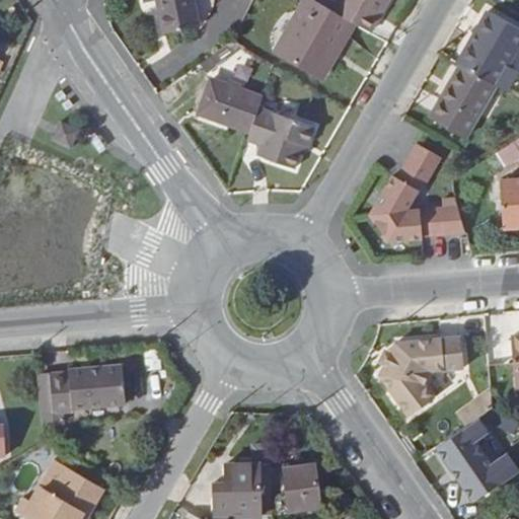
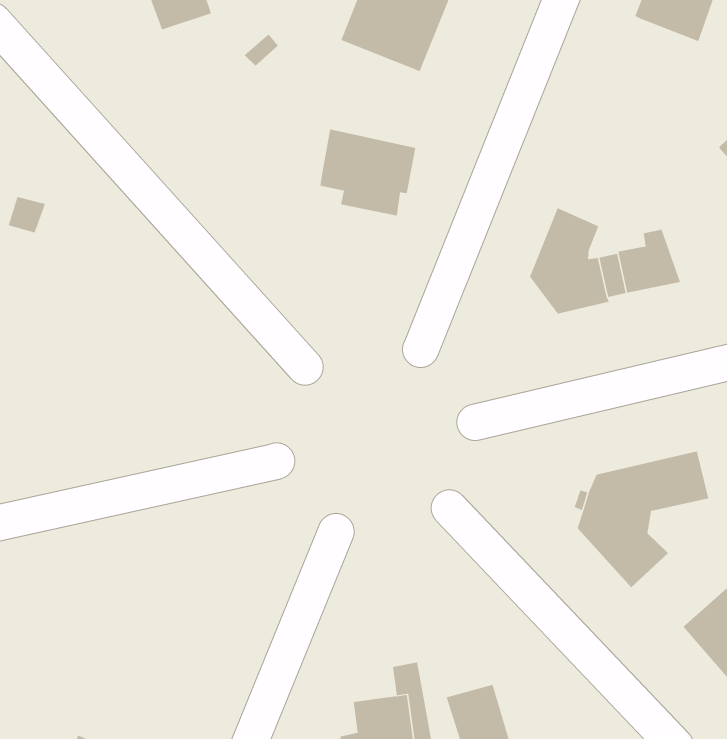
building: [432,66,496,137] -> none
building: [201,81,264,132] -> none
building: [404,144,442,183] -> none
building: [36,365,126,415] -> none

